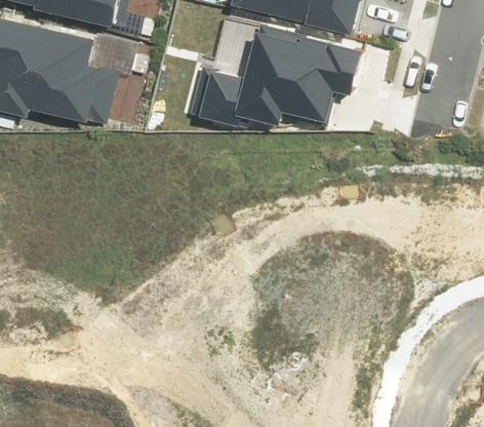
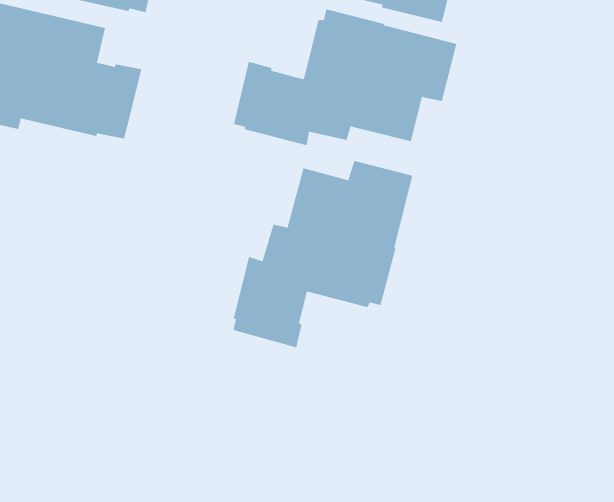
building: none -> [233,160,413,348]

